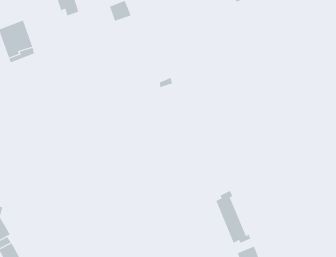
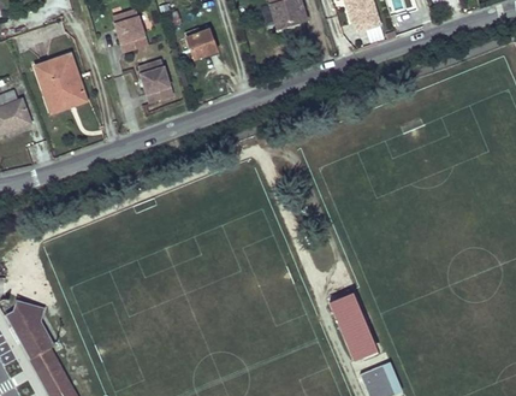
building: none -> [137,60,172,101]

